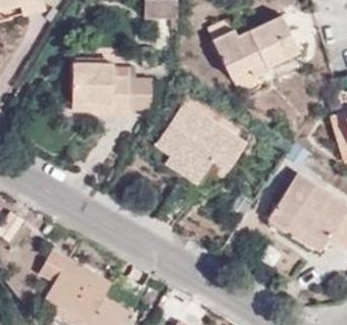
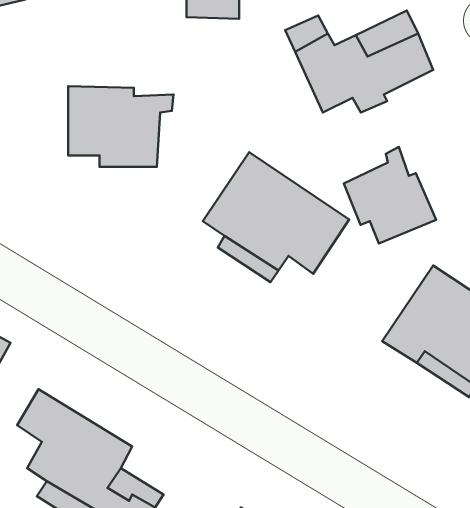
building: [127,76,152,111] -> none
building: none -> [344,147,436,244]

